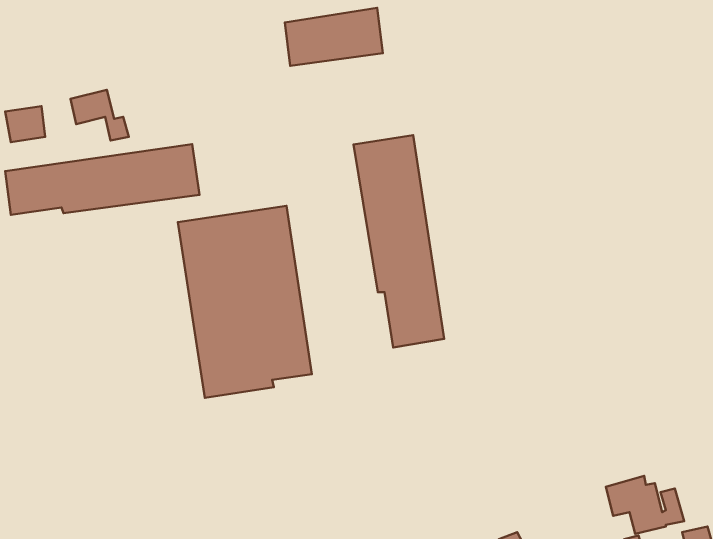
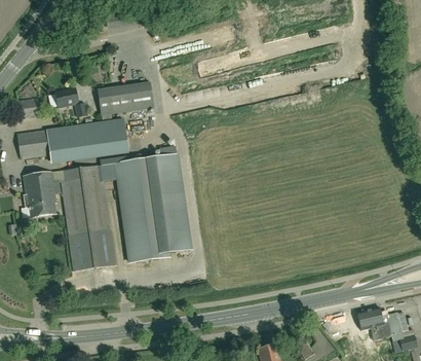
building: [285,8,383,66] -> [98,81,153,114]
building: [354,135,444,347] -> none
building: none -> [23,165,116,270]

